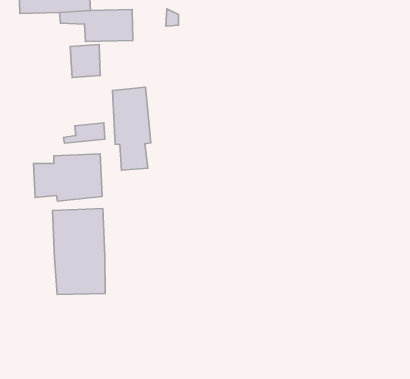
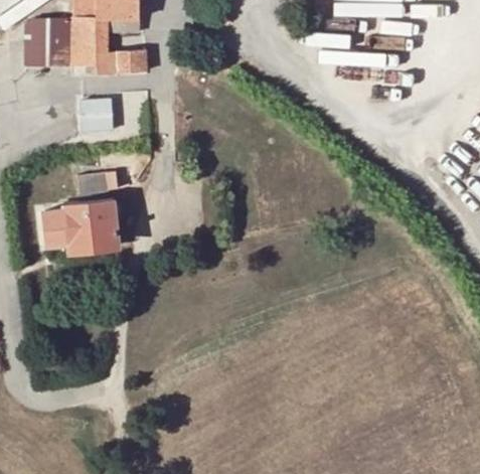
building: [112,87,151,170] -> none
building: [52,208,105,294] -> none

